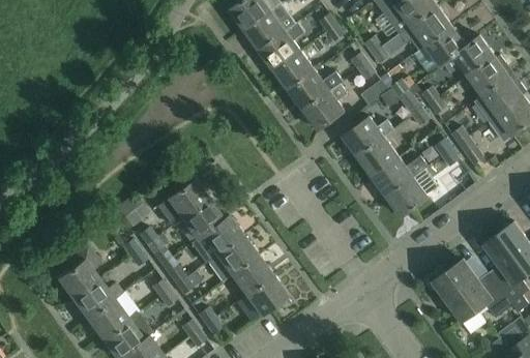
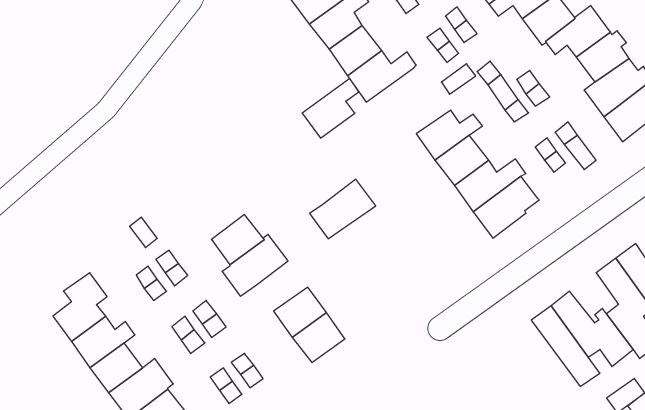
building: [303,84,348,130] -> [302,79,359,138]
building: [157,178,208,226] -> none
building: [206,235,258,281] -> [310,179,376,239]

